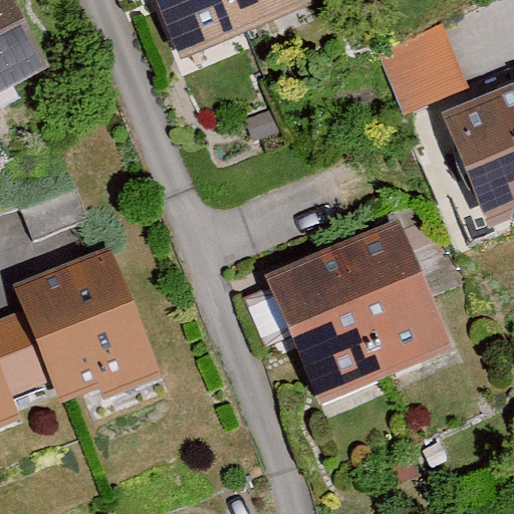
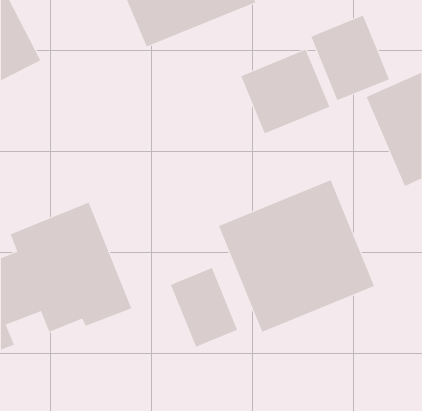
building: none -> [240,49,330,134]
building: none -> [170,267,238,347]

